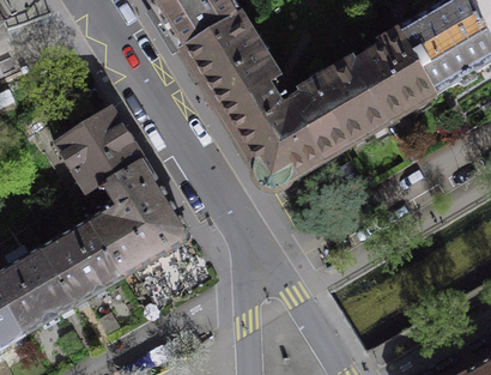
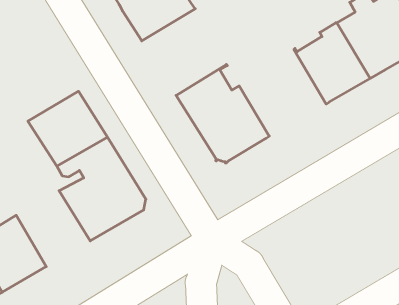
building: [181,16,275,113] -> none
building: [290,61,387,158] -> none
building: [41,219,123,304] -> none

